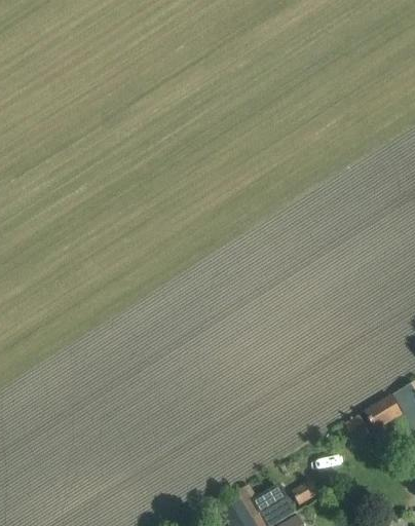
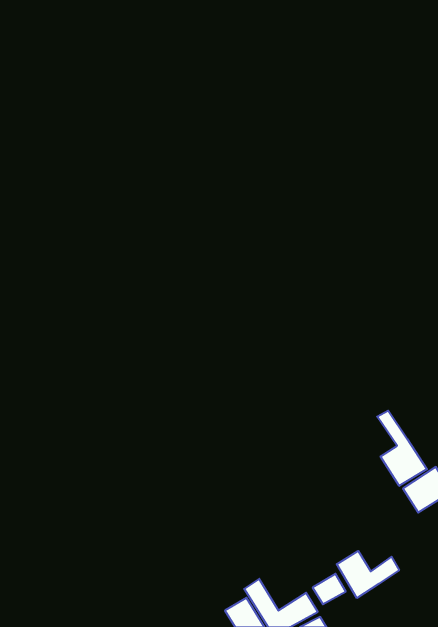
building: none -> [377,411,427,486]
building: none -> [337,551,399,598]

